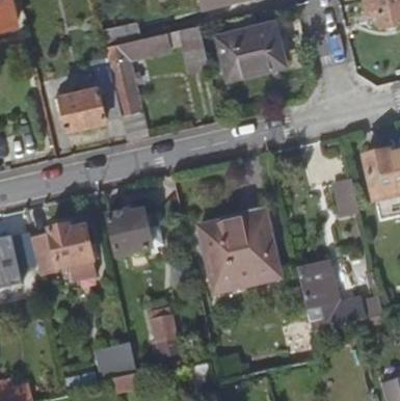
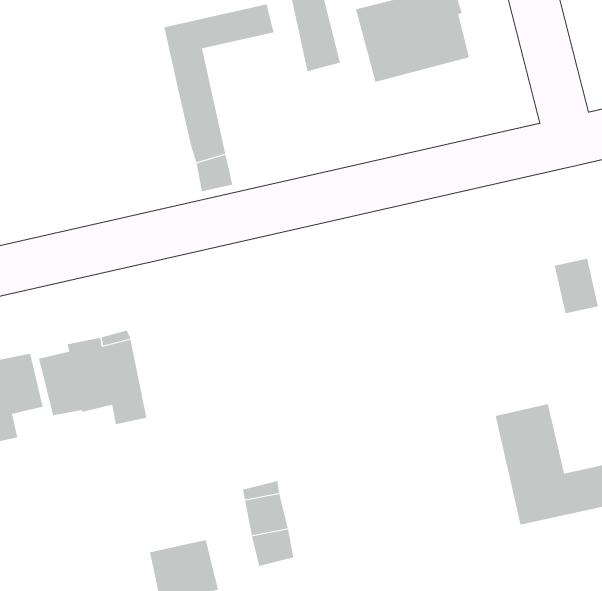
building: [59,83,121,129] -> none
building: [107,211,152,257] -> none
building: [199,212,281,293] -> none

